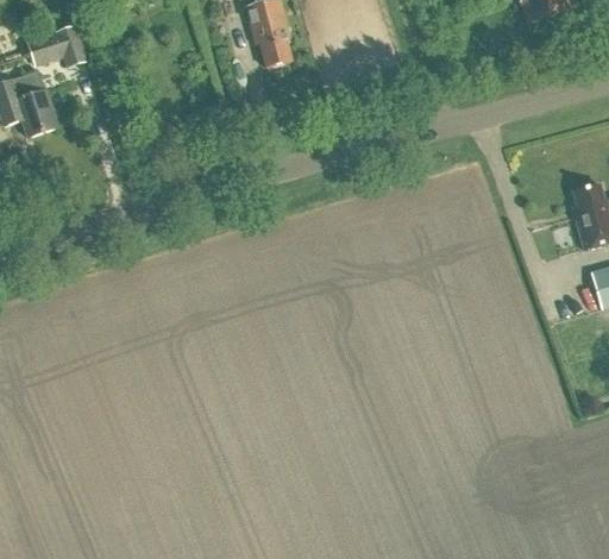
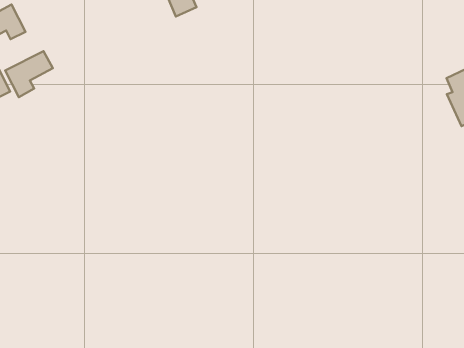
building: none -> [5,51,53,97]

